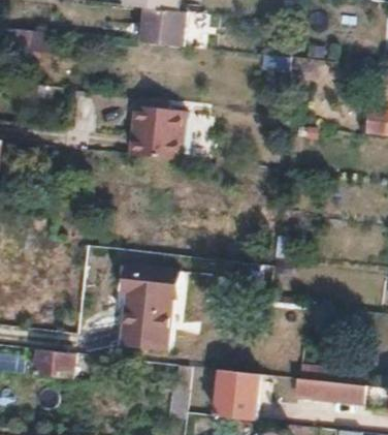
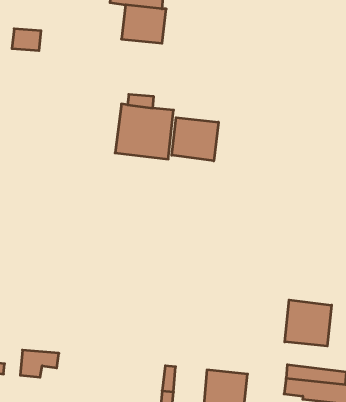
building: none -> [172,118,218,161]
building: [122,265,181,350] -> none
building: none -> [285,300,332,346]

